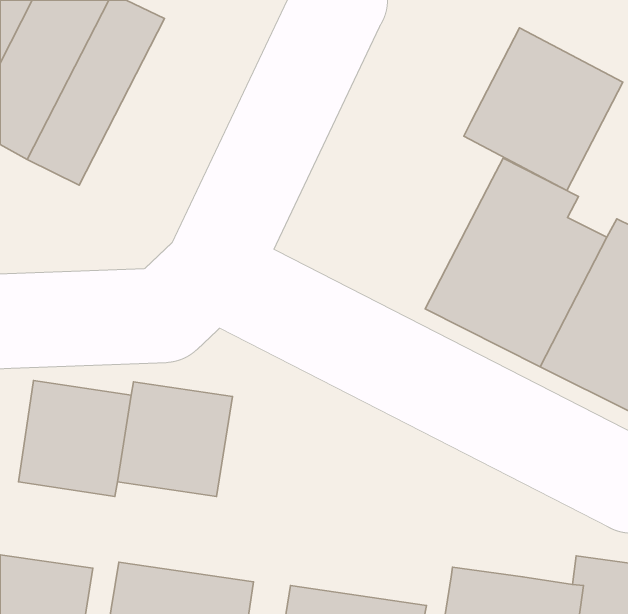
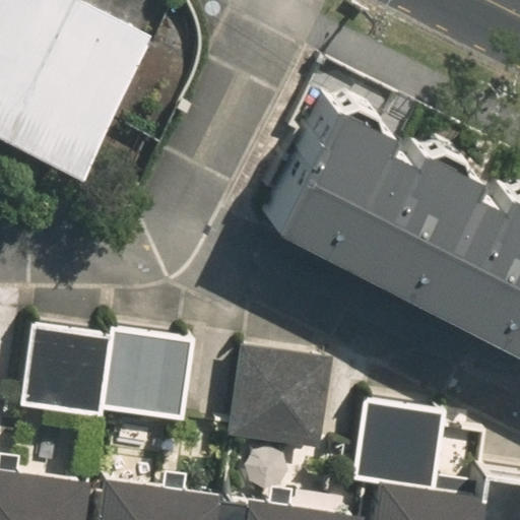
building: [464,28,623,191] -> none
building: none -> [266,101,407,268]
building: none -> [226,348,326,452]
building: none -> [351,401,444,489]

